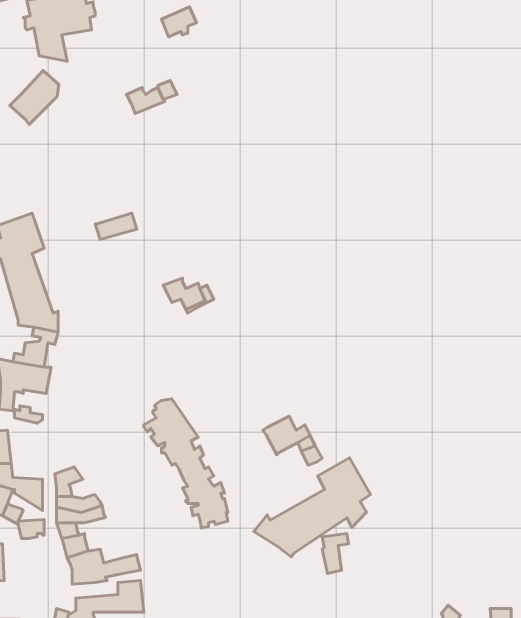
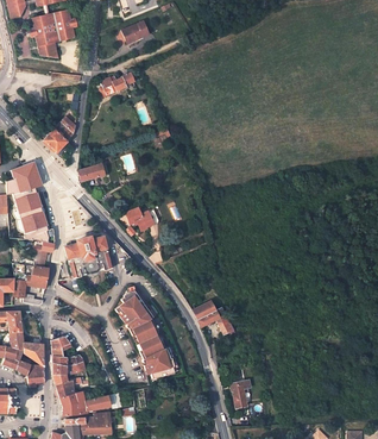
building: [10,70,59,125] -> [43,117,76,153]
building: none -> [64,236,112,278]
building: [254,458,371,557] -> none

